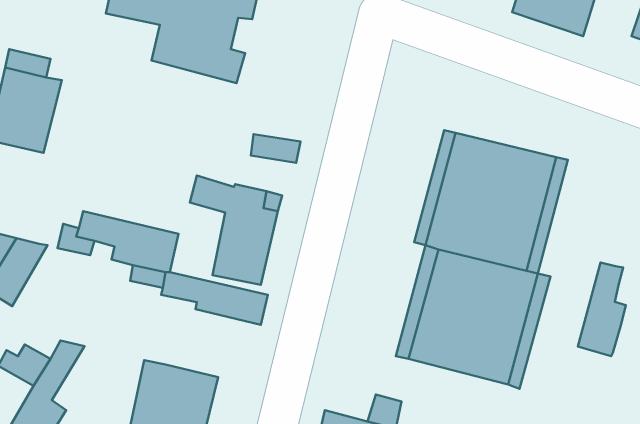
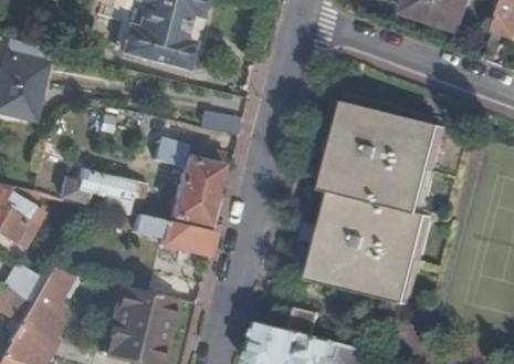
building: [578,262,626,356] -> none

